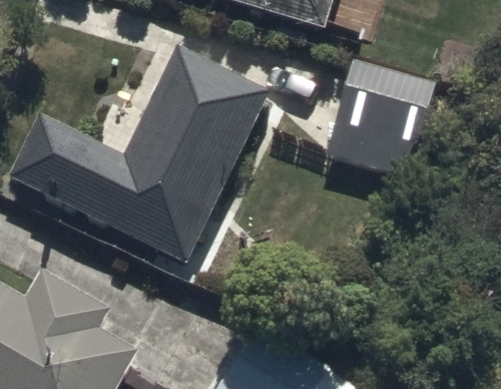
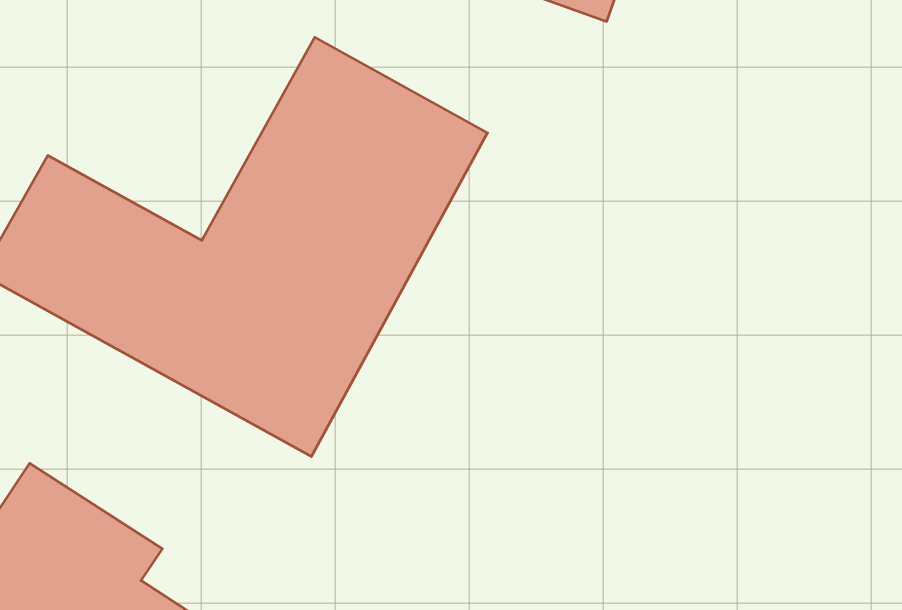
building: [326,57,433,173] -> none

